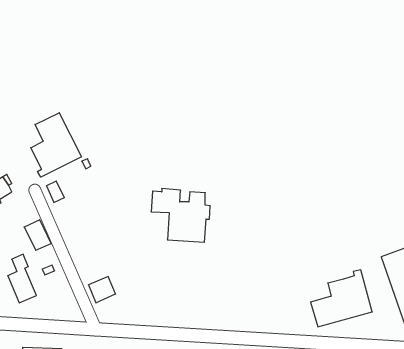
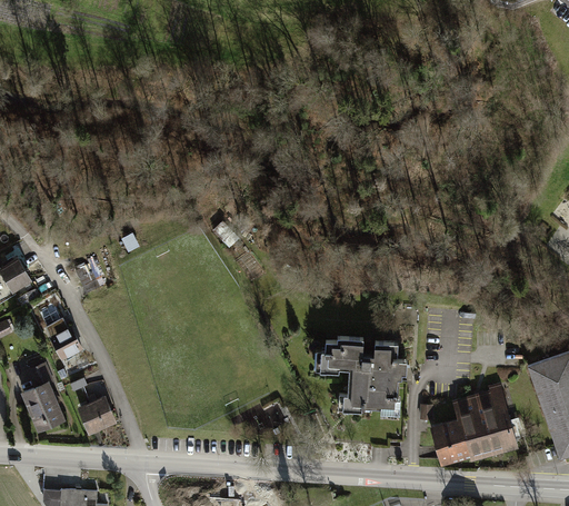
building: [31,113,81,177] -> none
building: [151,189,210,242] -> [323,337,403,409]
building: [88,277,116,303] -> [79,397,116,433]

